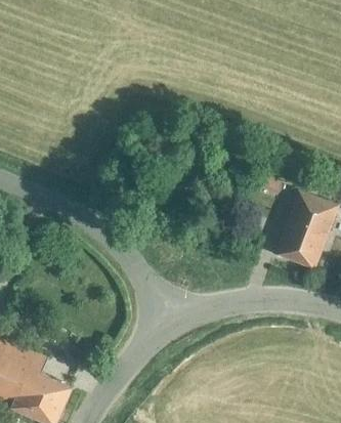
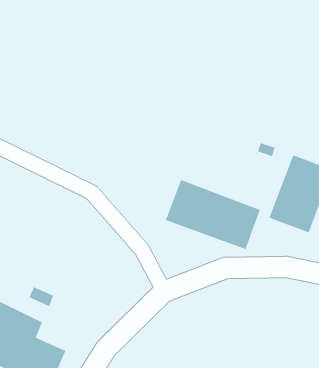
building: none -> [165,179,261,250]

